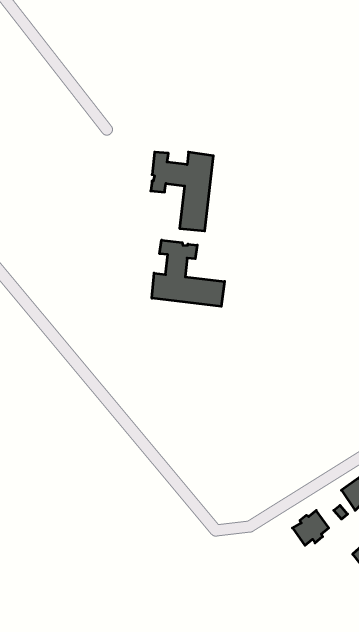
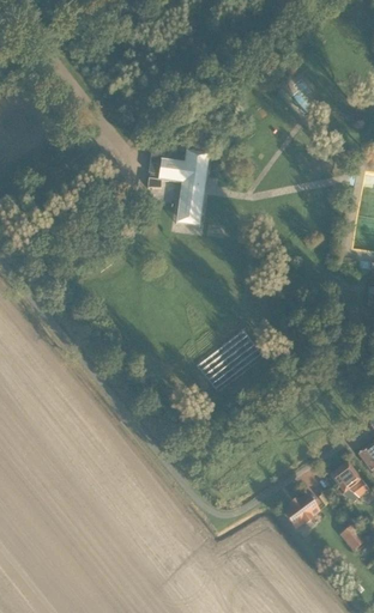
building: [152,240,225,306] -> none

